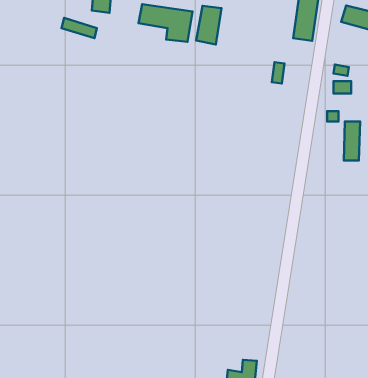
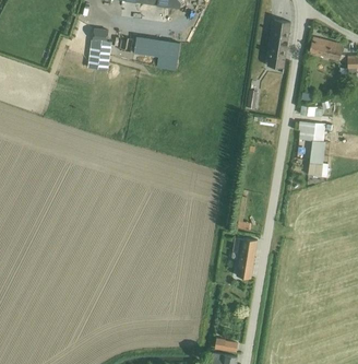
building: [196,6,221,44] -> none
building: none -> [229,237,256,279]

